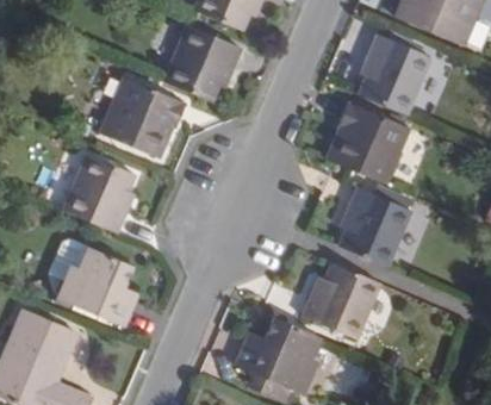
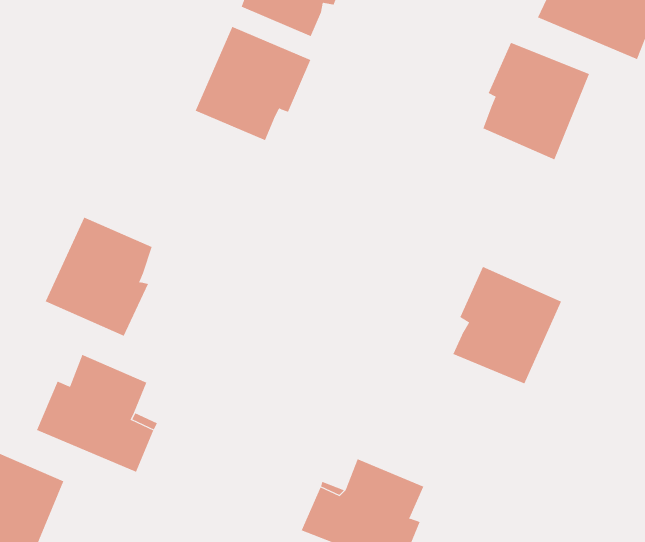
building: [99,75,184,157] -> none
building: [324,100,409,183] -> none
building: [300,261,379,337] -> none

